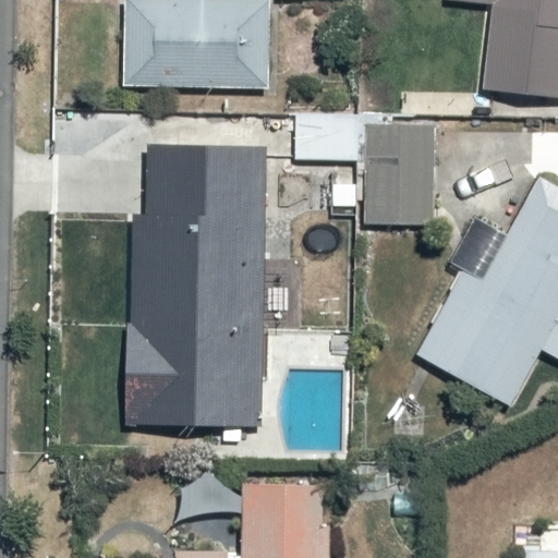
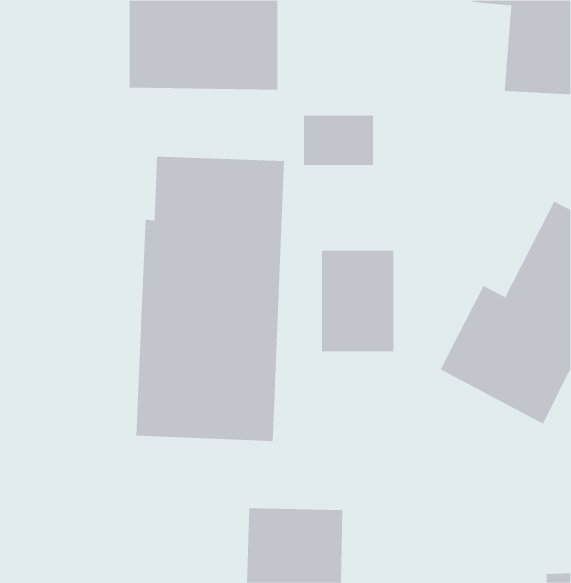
building: [364,125,434,222] -> [321,250,394,352]

